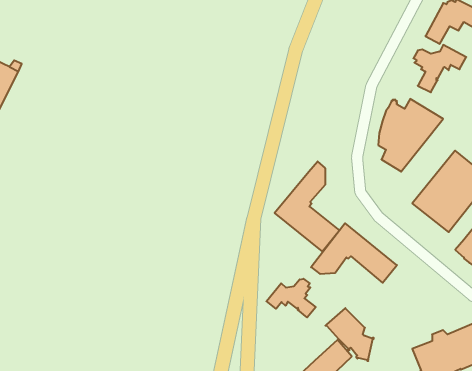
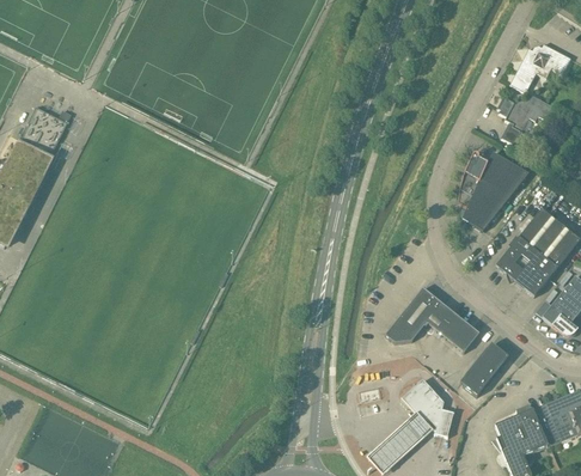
building: [275,161,340,252] -> none
building: none -> [460,341,509,393]
building: [266,279,316,317] -> none

